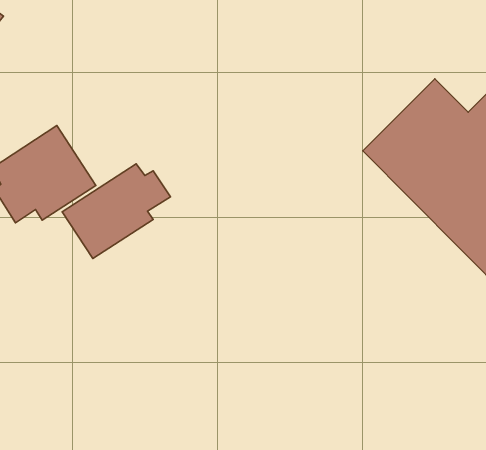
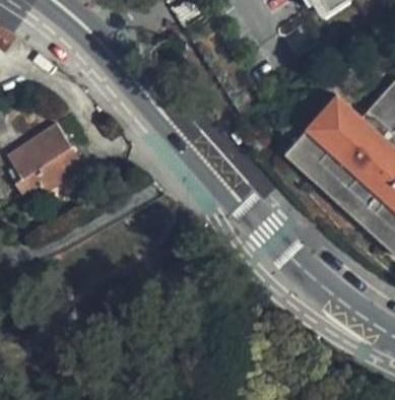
building: [62,164,170,258] -> none

